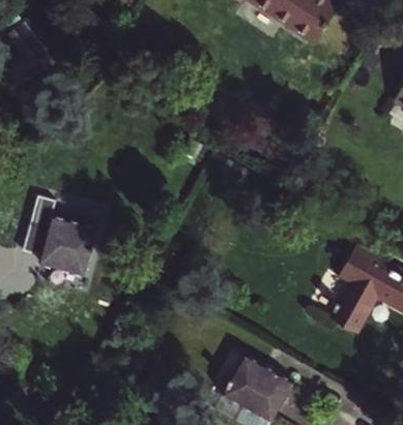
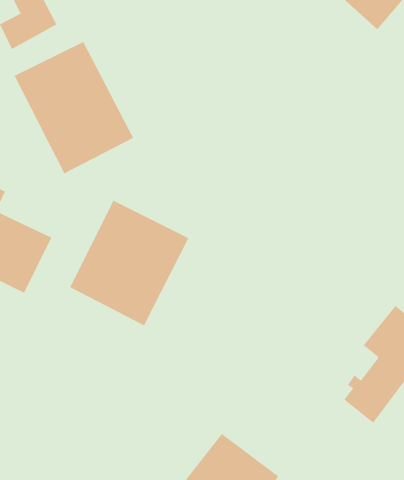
building: none -> [14,41,134,174]
building: none -> [70,200,189,326]

